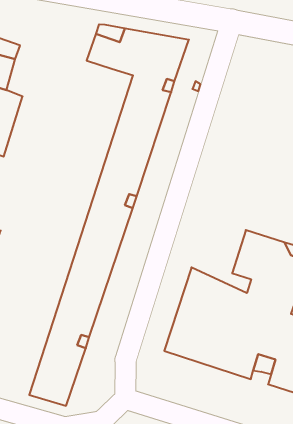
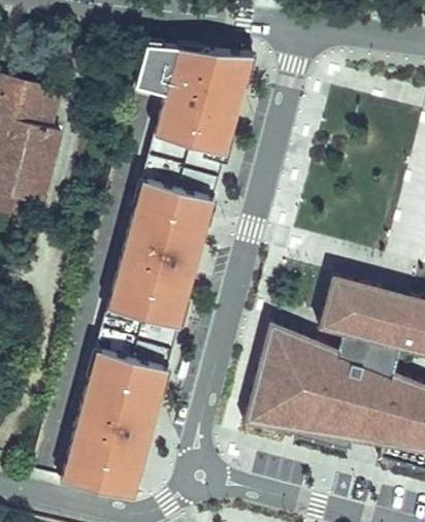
building: none -> [64,95,191,485]

